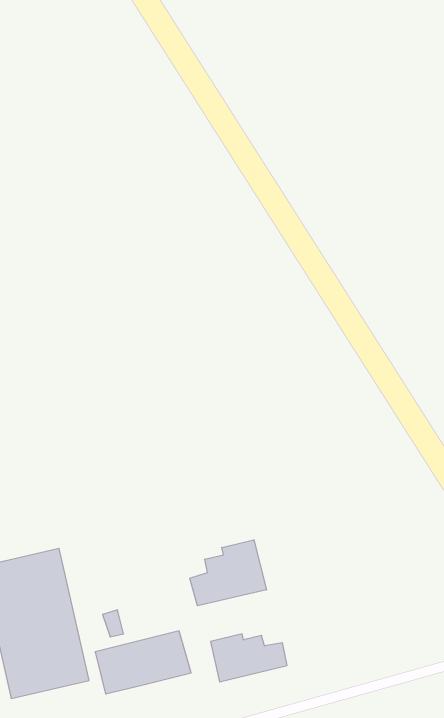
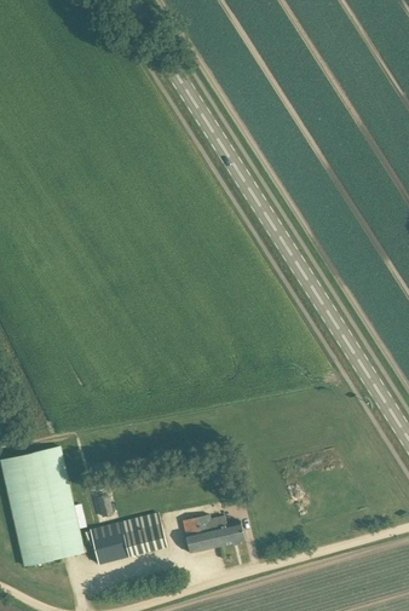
building: [190,540,266,606] -> none

